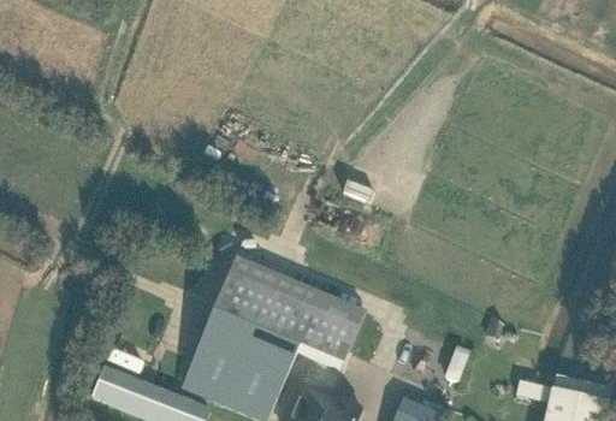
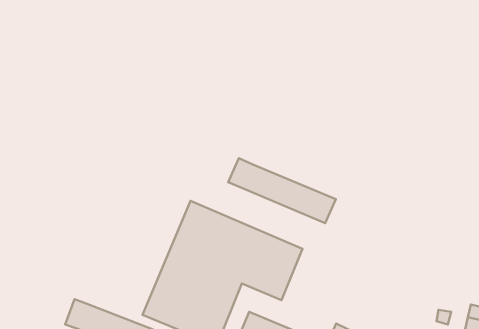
building: none -> [228,158,336,223]

